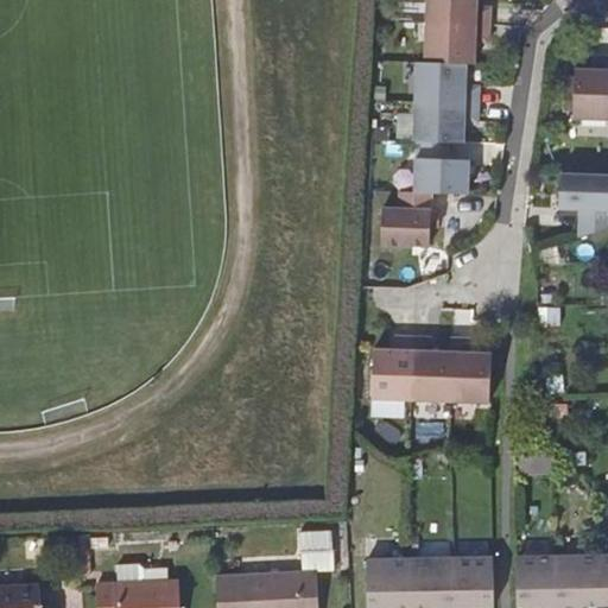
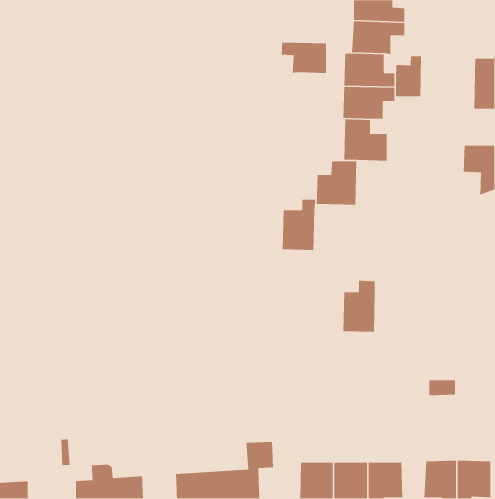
building: none -> [281,42,327,74]
building: none -> [395,55,422,97]
building: [376,340,418,403] -> [282,199,316,251]
building: [455,341,495,405] -> none

